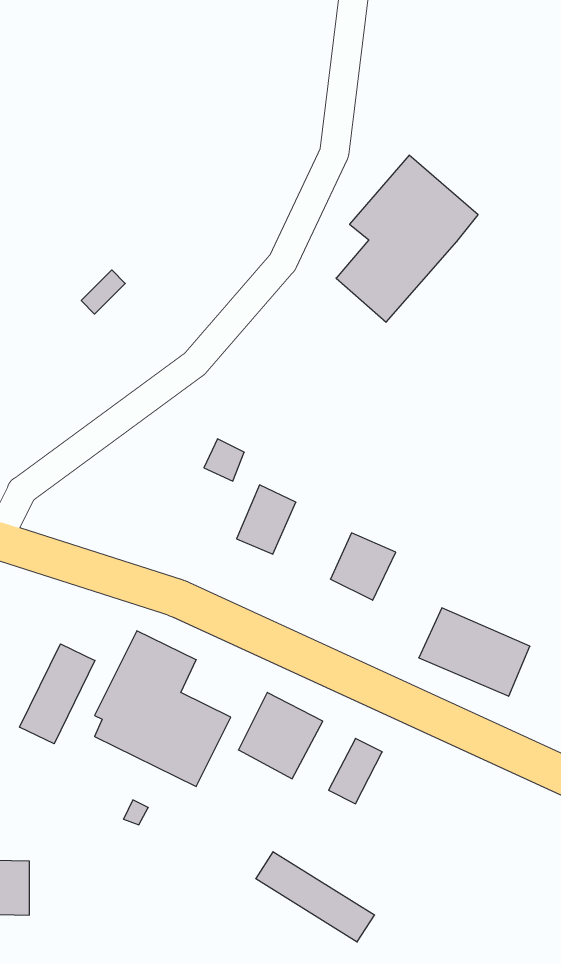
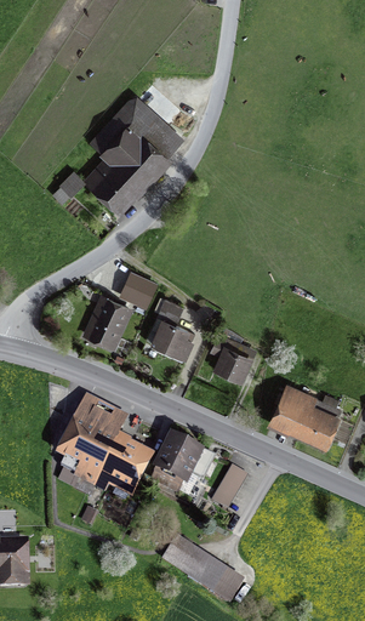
building: [336,155,478,322] -> [87,101,177,206]
building: none -> [86,294,126,342]
building: [20,644,95,744] -> none

